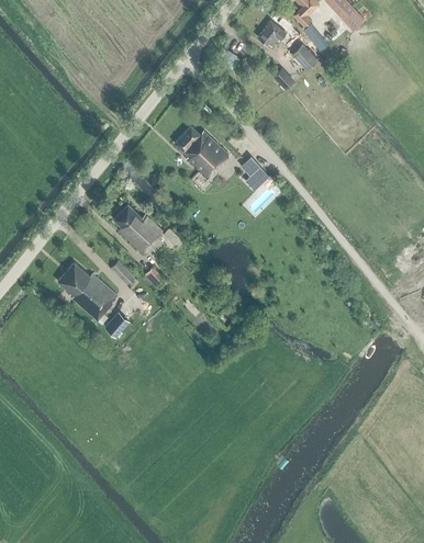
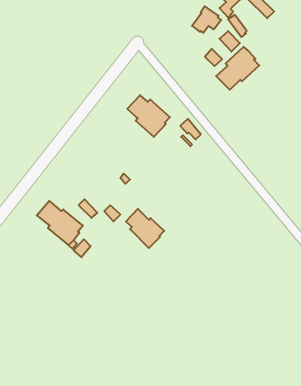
building: none -> [216,47,259,90]
building: [113,203,163,253] -> [126,209,164,248]

